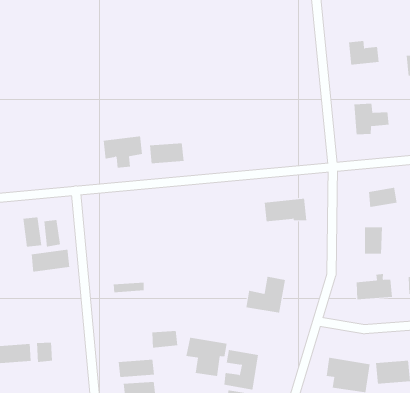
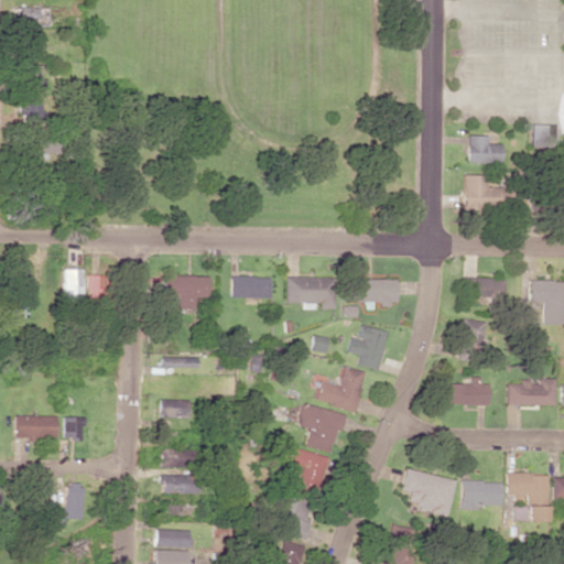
building: [348,40,379,65] -> [470,135,505,163]
building: [103,136,143,168] -> [166,274,212,310]
building: [149,143,184,164] -> [232,275,272,299]
building: none -> [288,276,335,310]
building: none -> [348,325,390,370]
building: [31,249,70,273] -> none
building: [151,331,178,348] -> [161,399,192,417]
building: [186,337,228,376] -> [296,403,347,453]

